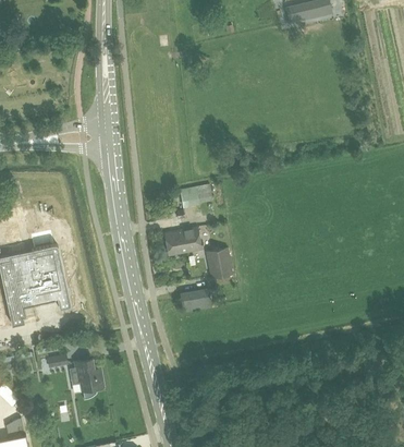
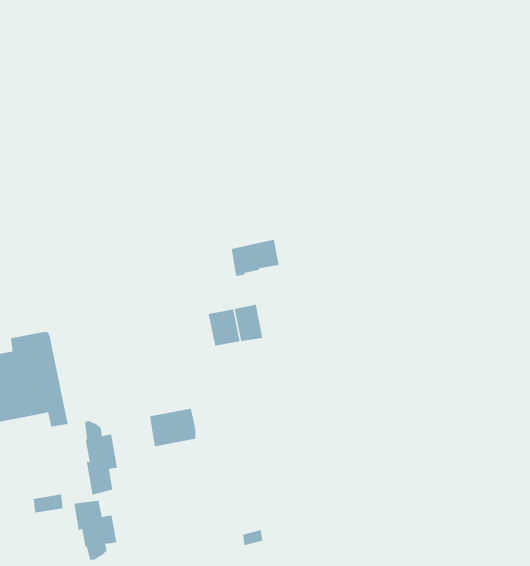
building: [206,249,233,278] -> none
building: [180,287,211,313] -> [149,408,196,447]
building: none -> [84,420,118,495]

